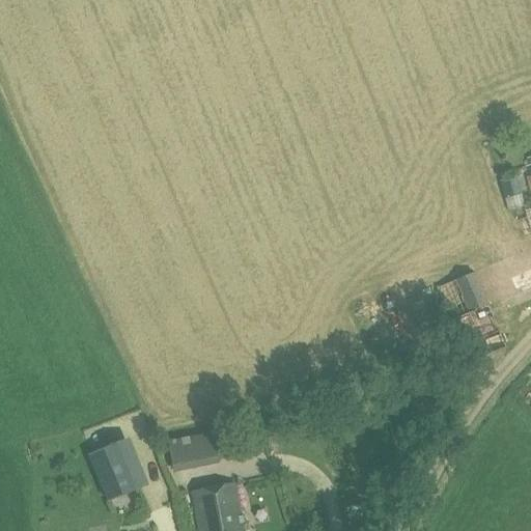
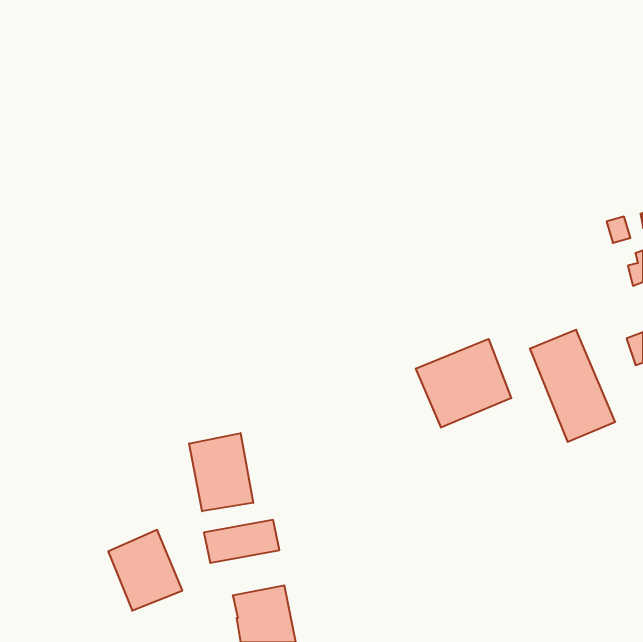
building: none -> [416,339,511,428]
building: none -> [189,433,253,511]

